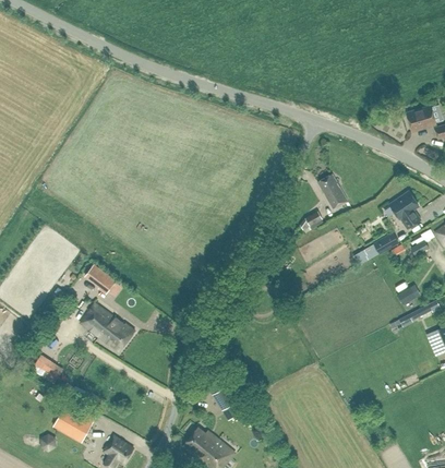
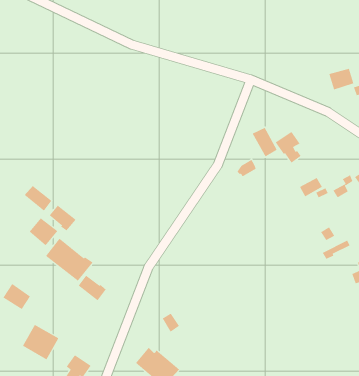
building: [389,191,420,228] -> [275,131,301,163]
building: none -> [24,185,52,212]
building: none -> [29,217,58,246]
building: none -> [78,275,107,301]

